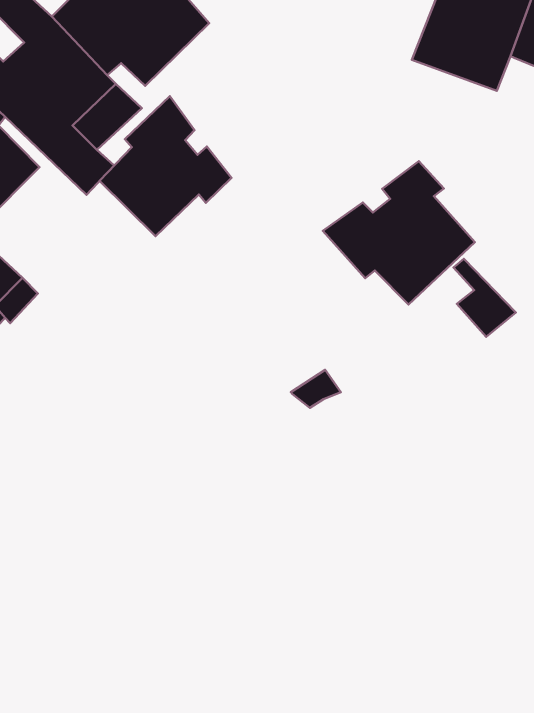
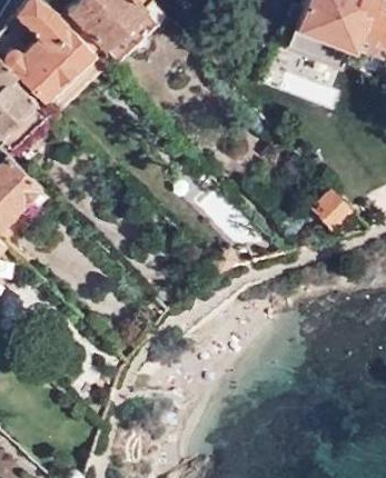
building: [100,96,231,236] -> none
building: [323,161,475,305] -> none

